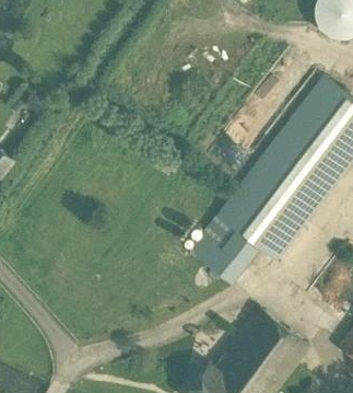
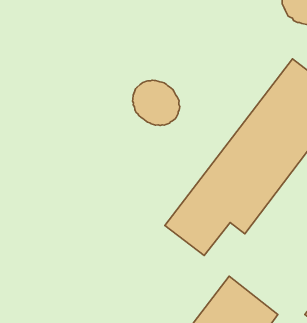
building: none -> [132,80,180,125]

